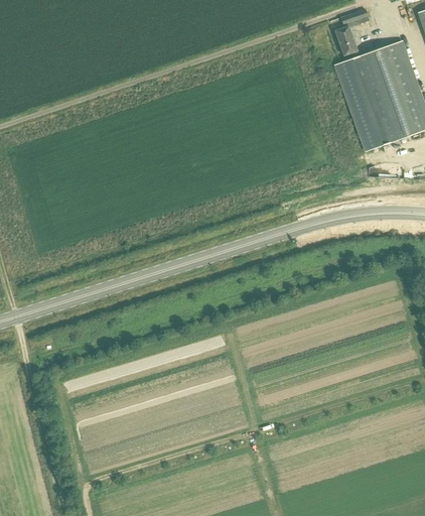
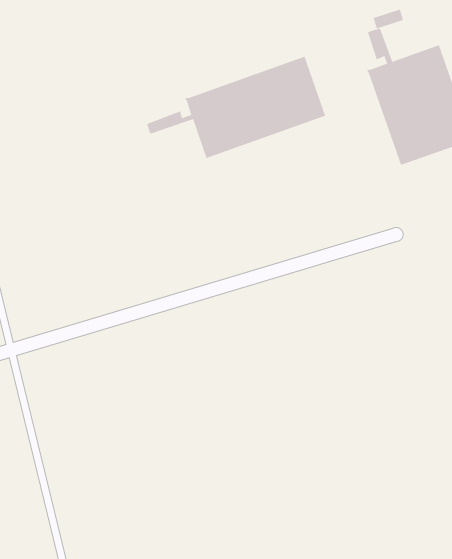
building: none -> [146,56,326,159]

